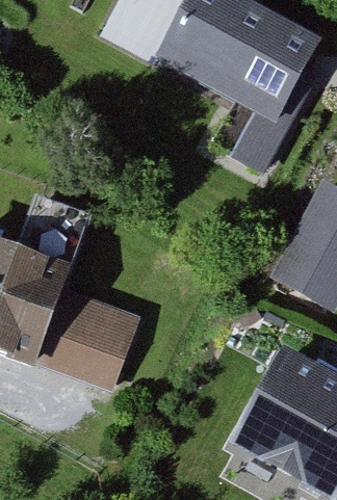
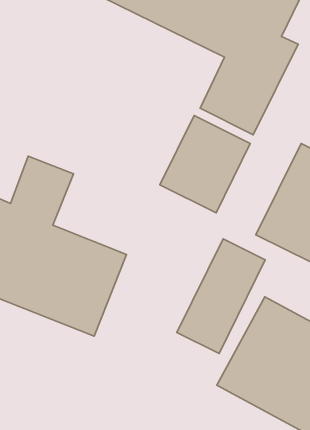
building: none -> [160,116,250,213]
building: none -> [177,239,265,353]

